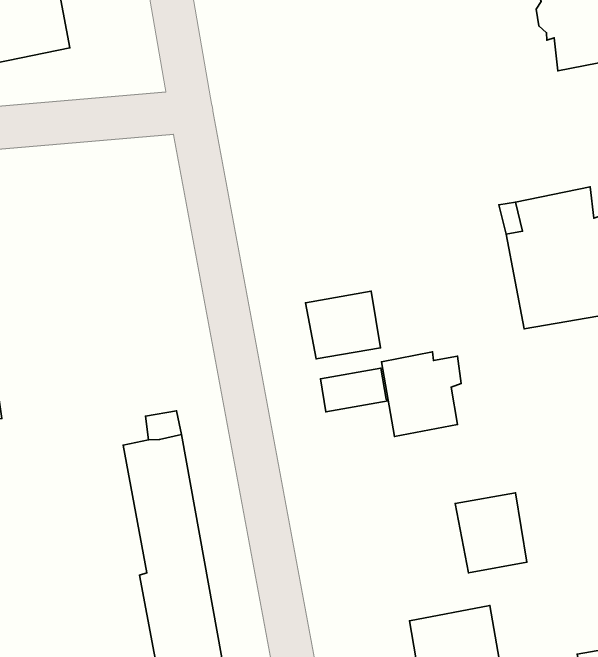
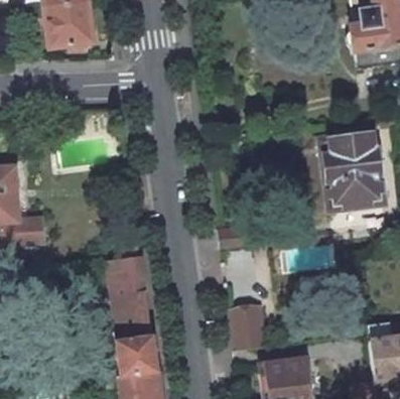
building: [305,291,380,359] -> none
building: [382,352,461,437] -> none
building: [455,493,527,573] -> [230,305,267,348]

